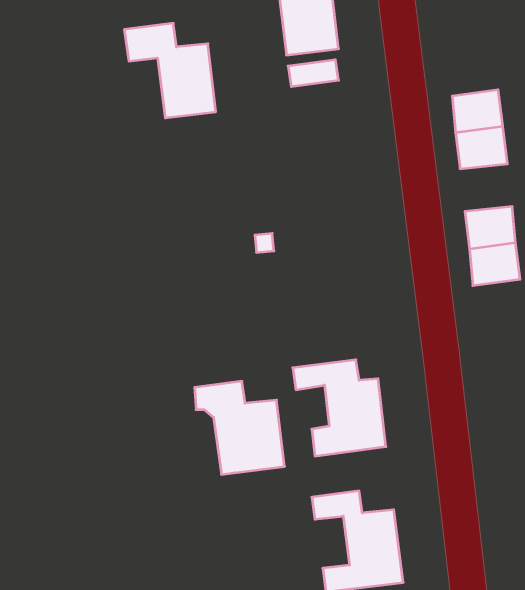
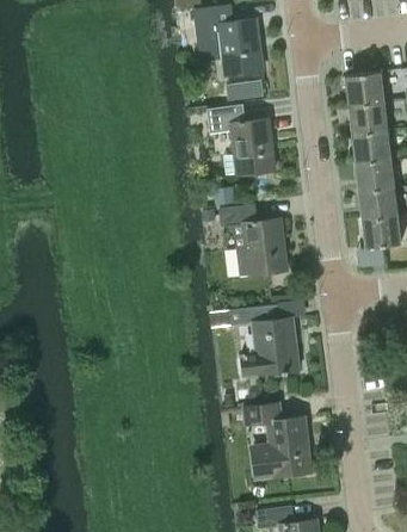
building: [124,23,216,118] -> [205,105,275,177]
building: none -> [345,73,383,105]
building: none -> [354,156,394,192]
building: [195,381,285,474] -> [218,205,286,276]

